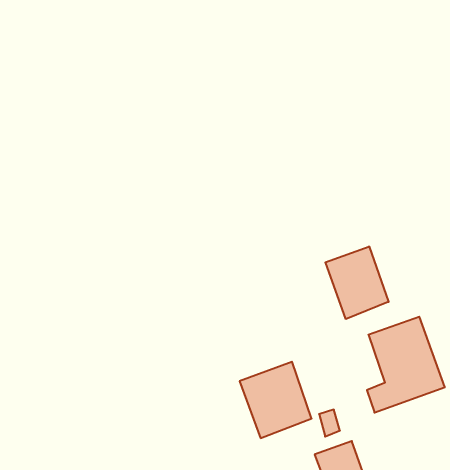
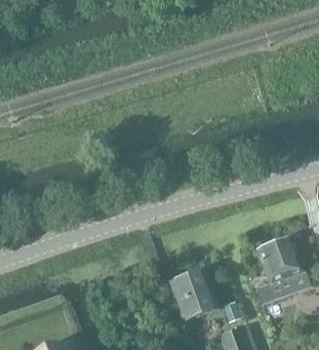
building: [325,246,389,319] -> none

